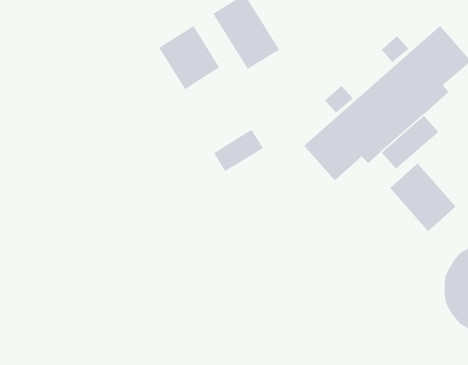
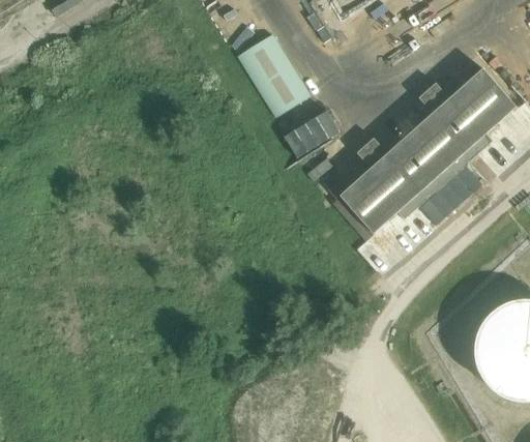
building: [158,25,220,90] -> none
building: [213,129,264,172] -> [284,110,338,156]
building: [389,163,457,232] -> none

